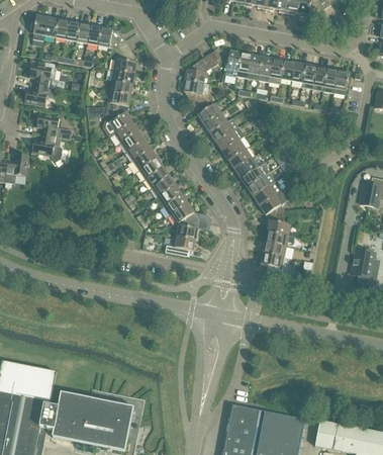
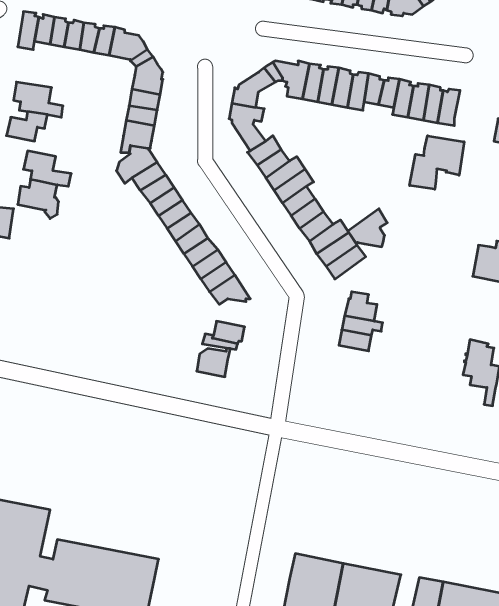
building: none -> [410,136,464,189]
building: [260,189,288,216] -> [348,209,387,247]
building: [175,219,199,240] -> [197,349,231,377]
building: [261,253,290,276] -> none

